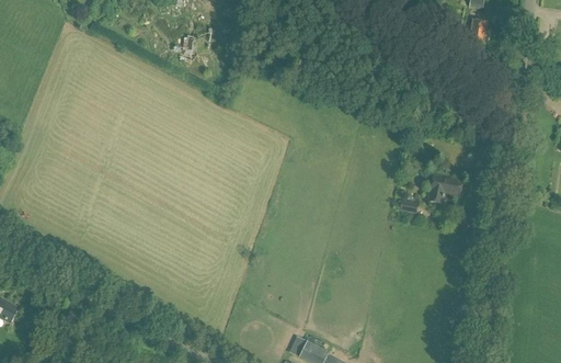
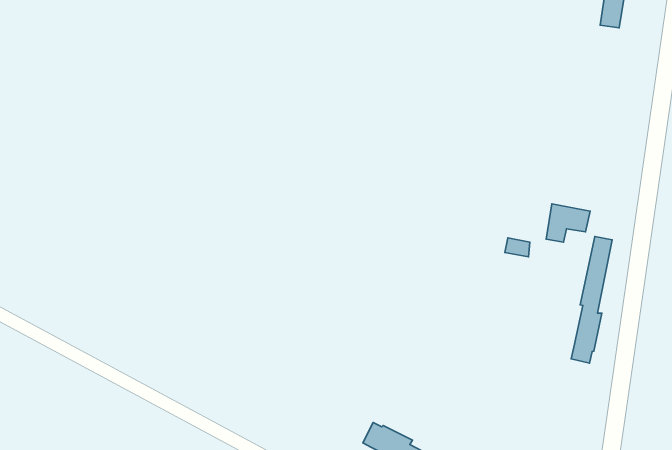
building: none -> [571,236,612,363]

